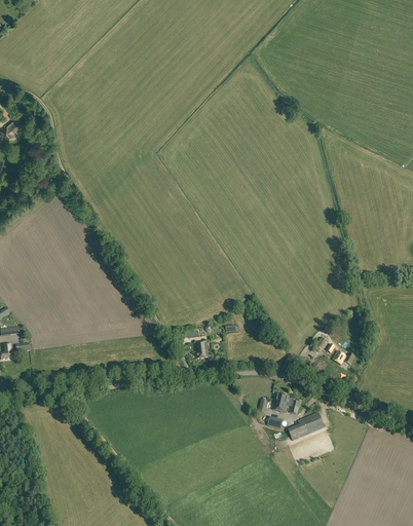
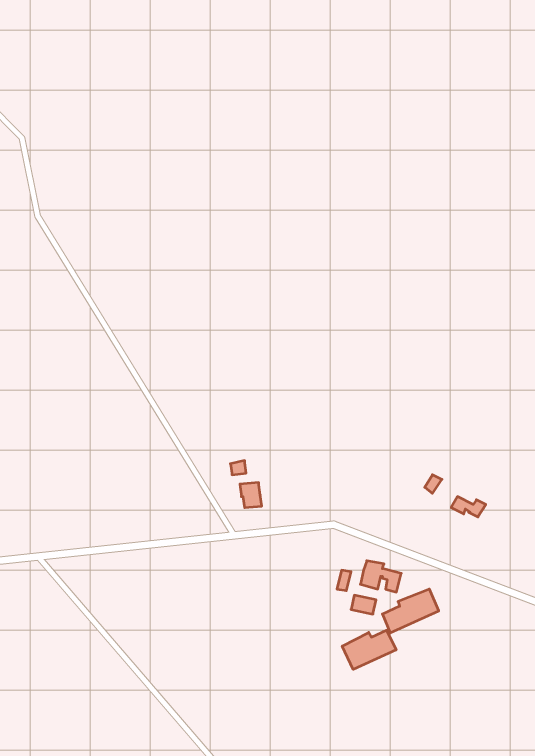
building: none -> [342,630,396,669]

